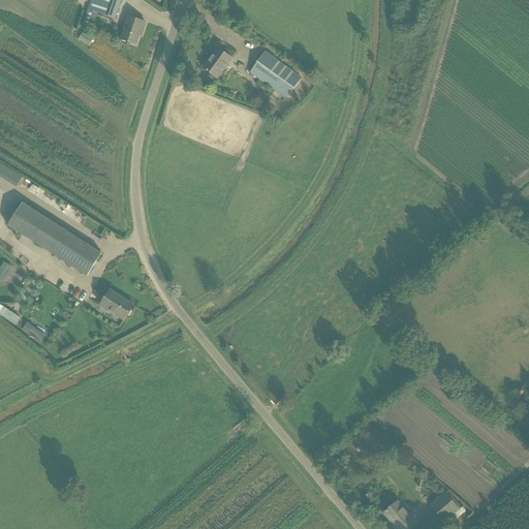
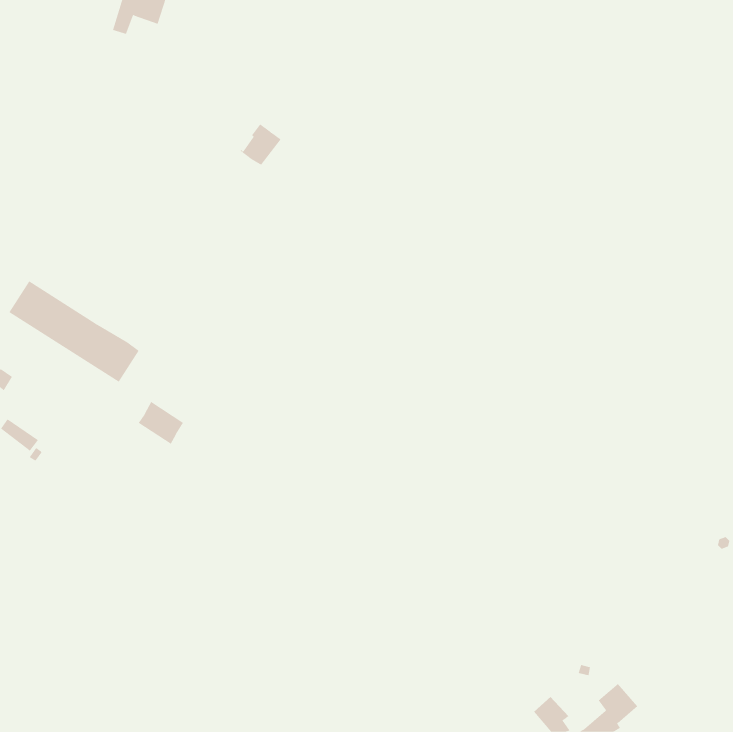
building: [120,15,145,43] -> none
building: [201,46,231,76] -> [240,124,282,165]
building: [249,50,301,98] -> none

